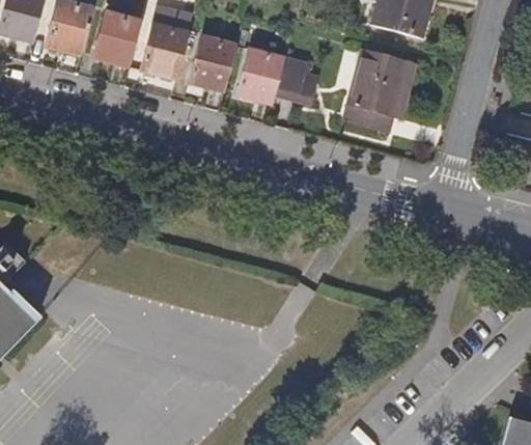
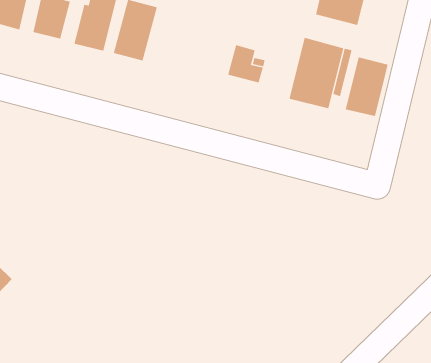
building: [190,36,237,91] -> none
building: [235,48,283,102] -> none
building: none -> [345,57,389,117]

